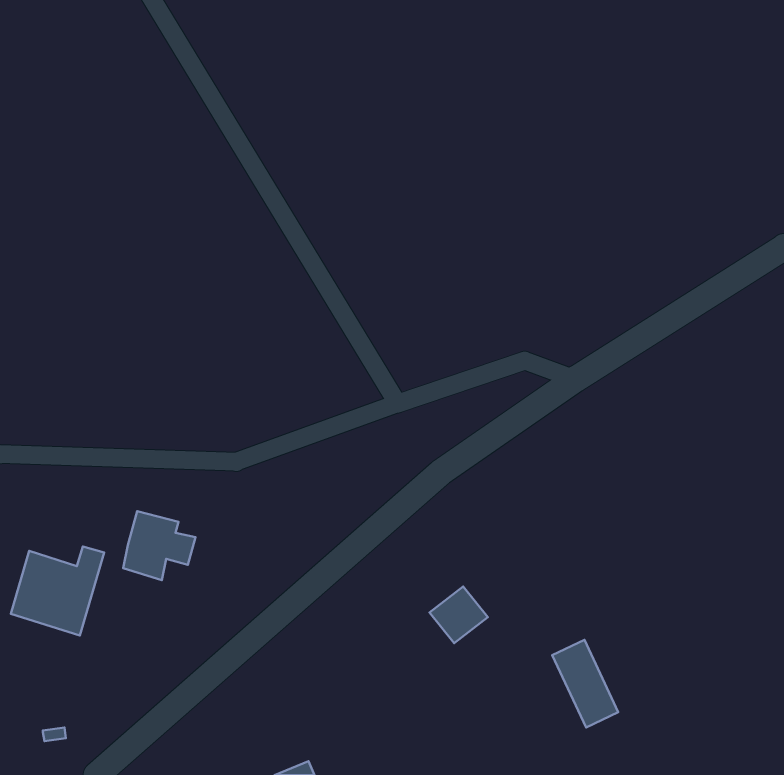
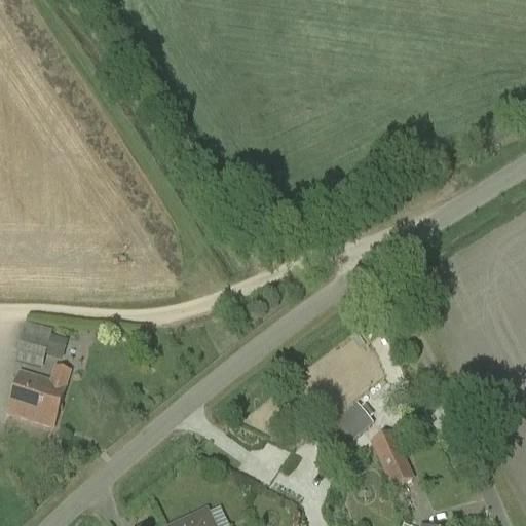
building: [123,511,195,580] -> [15,318,64,365]
building: [430,586,488,643] -> [335,402,374,440]

